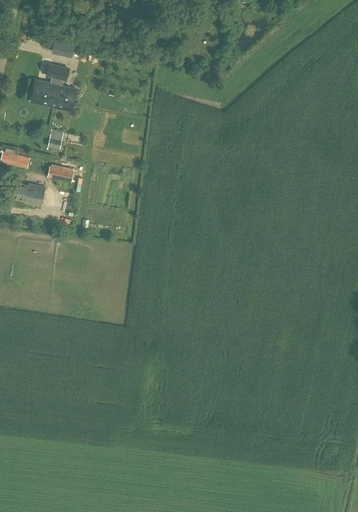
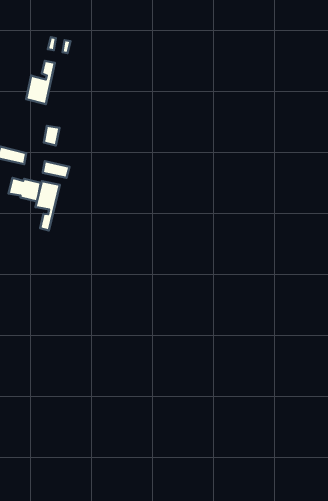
building: [50,64,78,111] -> none
building: none -> [36,181,60,230]

